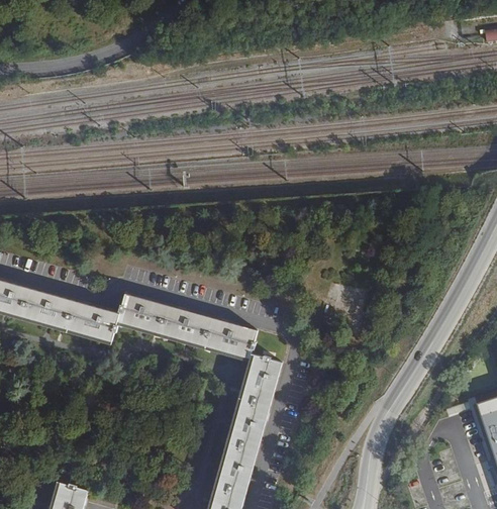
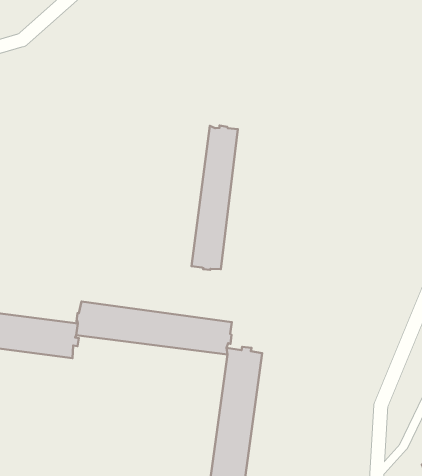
building: none -> [192,125,238,270]

